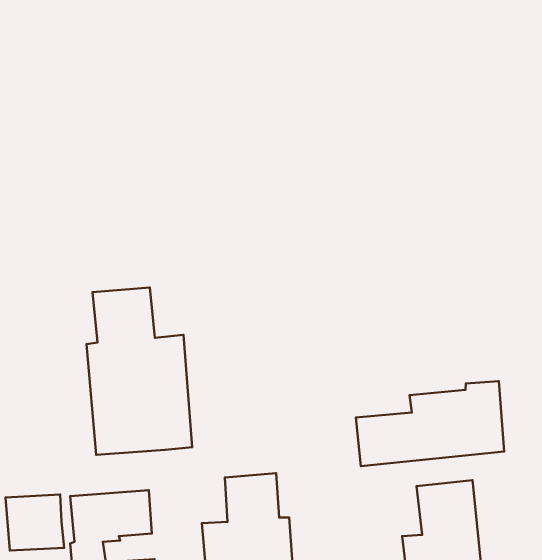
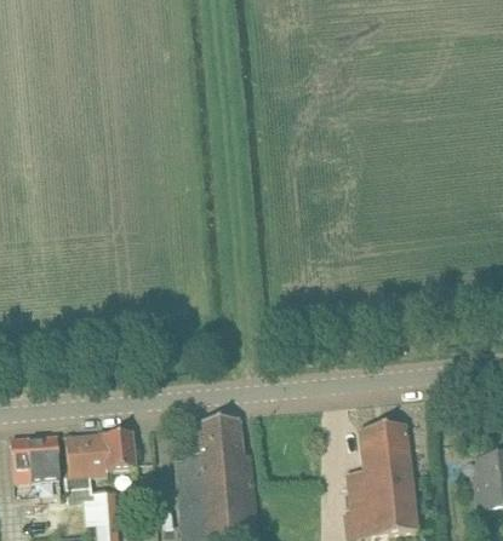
building: [86,288,192,455] -> none
building: [356,381,504,466] -> none

